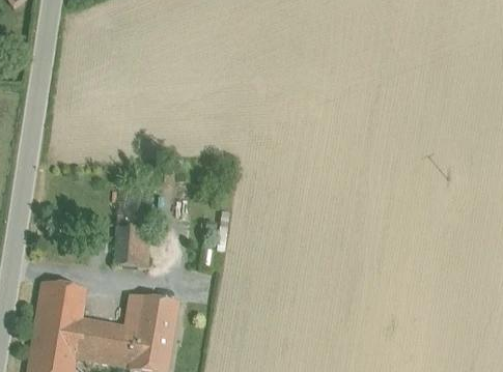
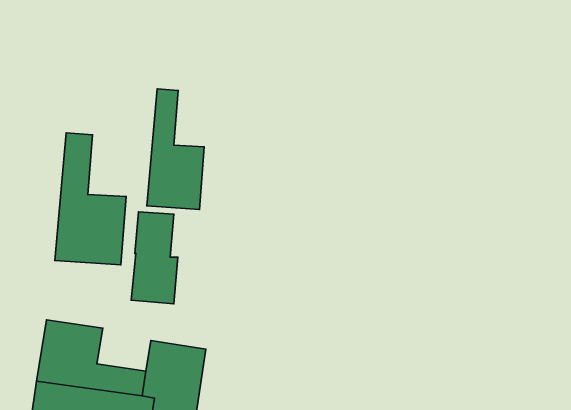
building: none -> [147,89,204,209]
building: none -> [55,133,126,265]

